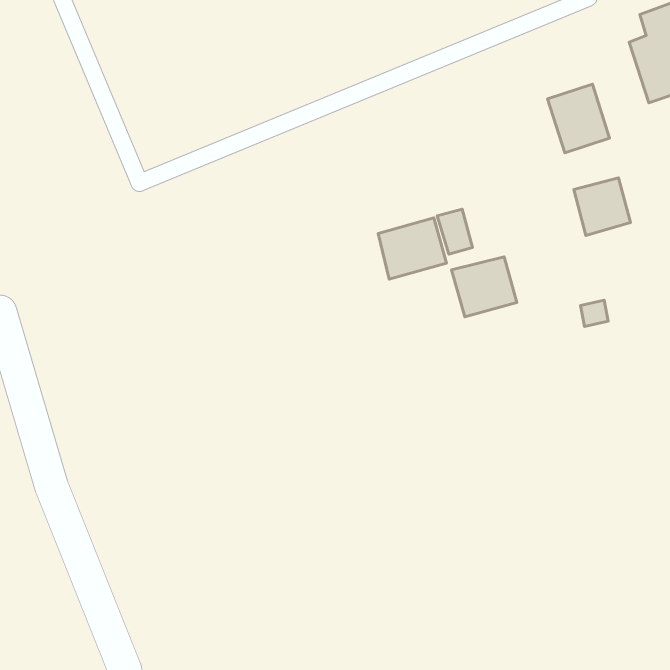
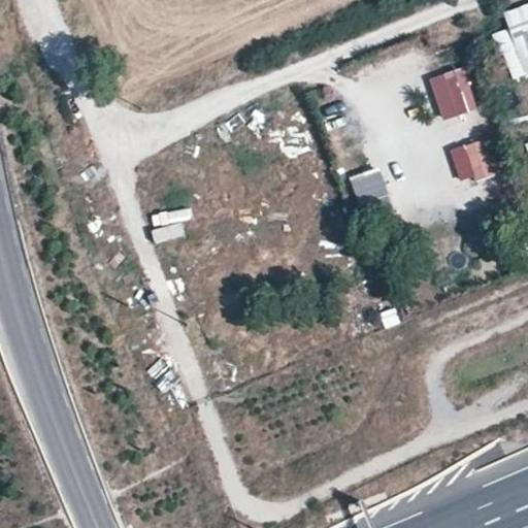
building: [378,218,446,279] -> none
building: [452,257,517,317] -> none

